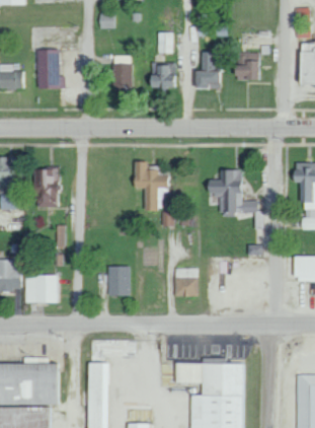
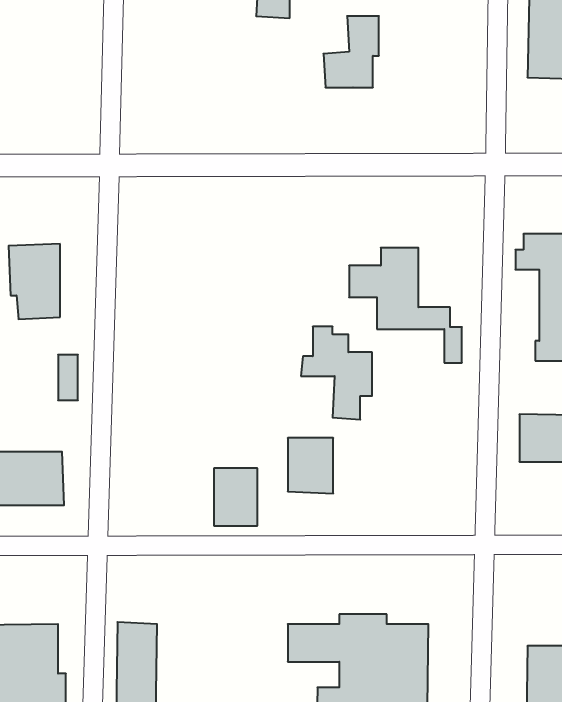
building: [36,49,65,88] -> none
building: [232,52,257,79] -> none
building: [112,55,133,88] -> none
building: [147,63,176,88] -> none
building: [131,162,167,210] -> [301,327,372,420]
building: [107,266,130,295] -> [214,468,257,526]

